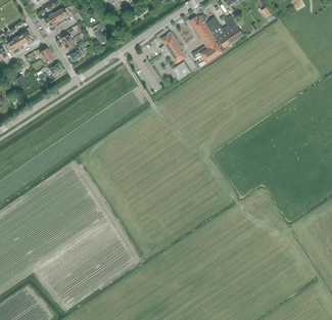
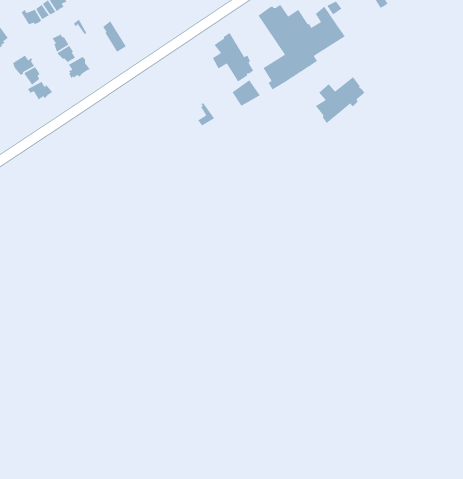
building: none -> [315,76,365,124]

